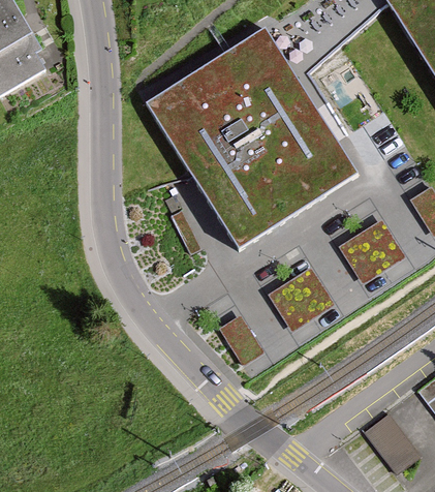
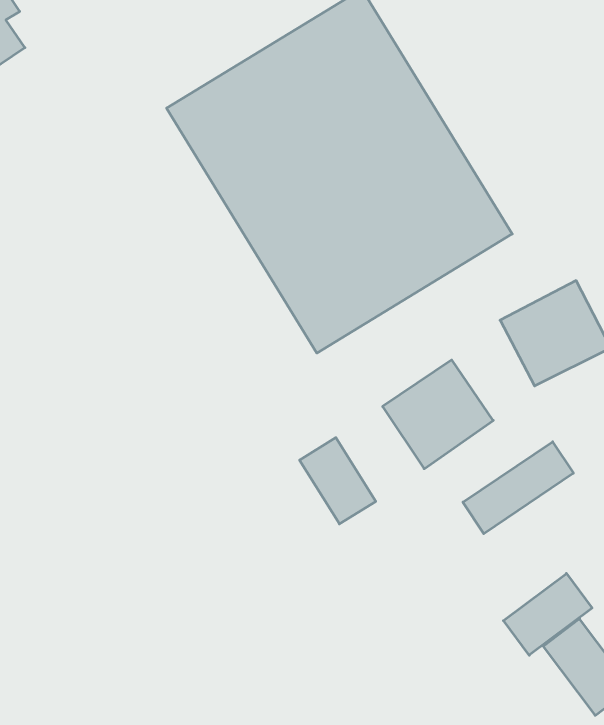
building: none -> [463,442,573,534]
building: none -> [503,573,592,655]

